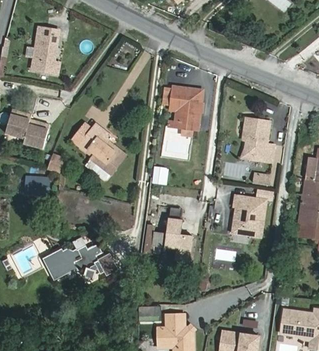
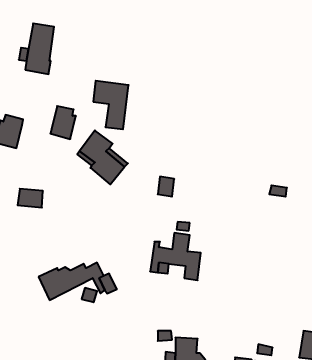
building: [169,87,201,131] -> [93,81,129,129]
building: [242,117,273,161] -> none
building: [23,119,46,149] -> [50,106,76,139]
building: [233,195,266,236] -> none

